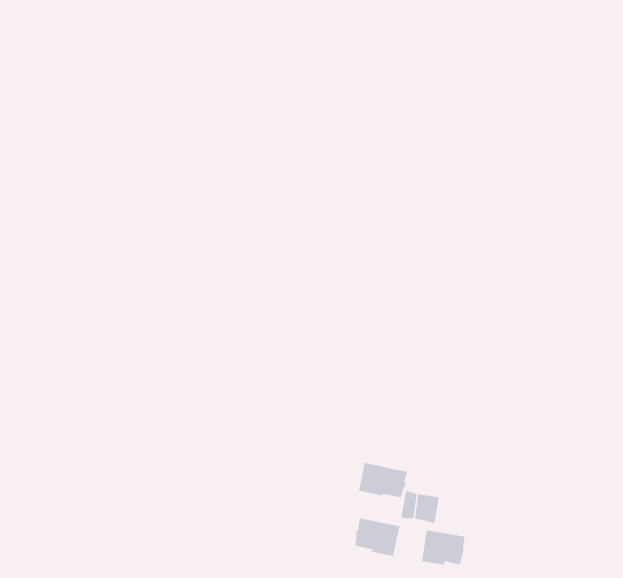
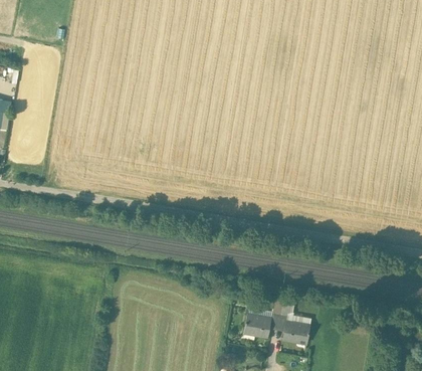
building: [358,462,408,501] -> none

